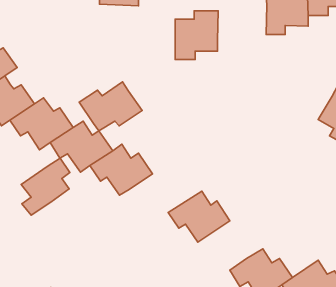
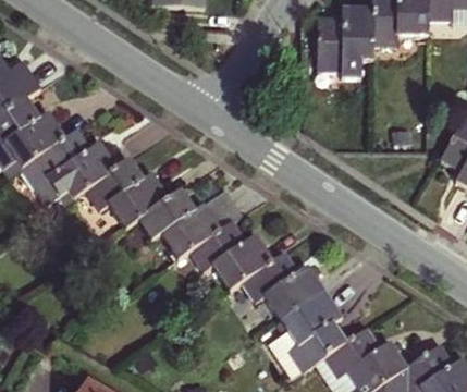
building: [175,11,218,59] -> [316,7,372,71]
building: [79,82,142,131] -> none
building: [21,158,70,215] -> none
building: none -> [191,222,273,290]
building: none -> [281,292,345,371]

